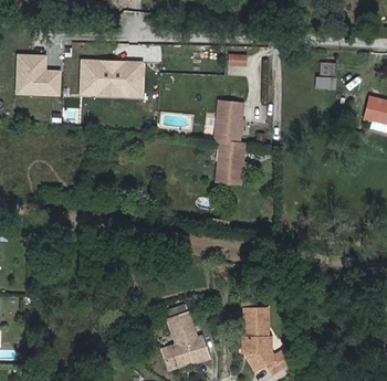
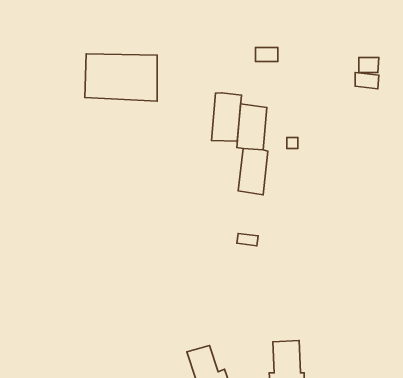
building: [13,53,60,94] -> none
building: none -> [211,93,241,141]

